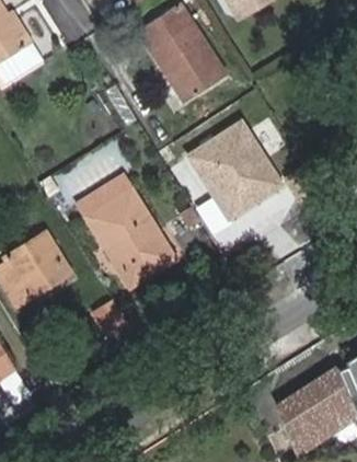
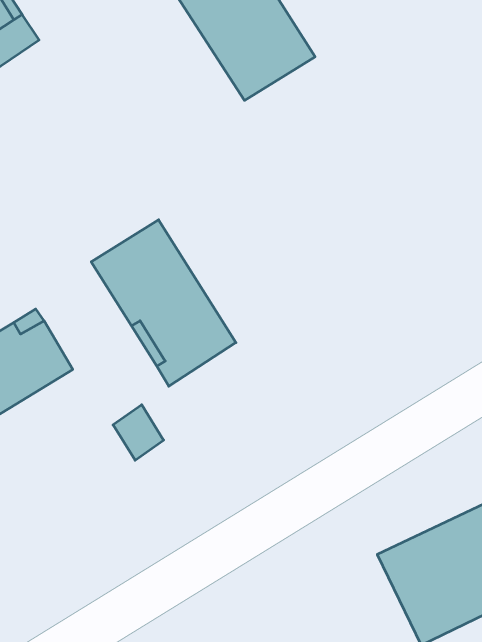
building: [184,119,283,222] -> none

